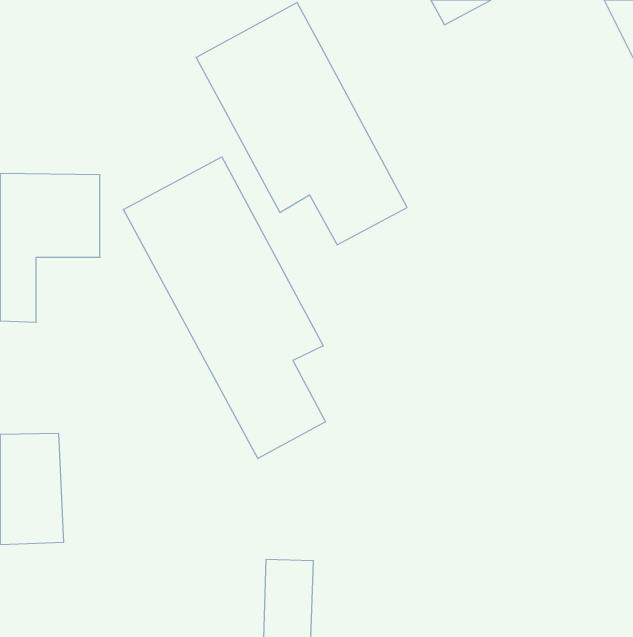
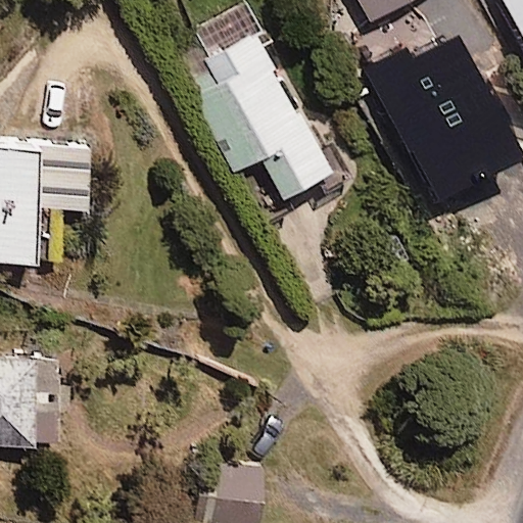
building: none -> [370,43,501,200]
building: [123,157,325,459] -> none

